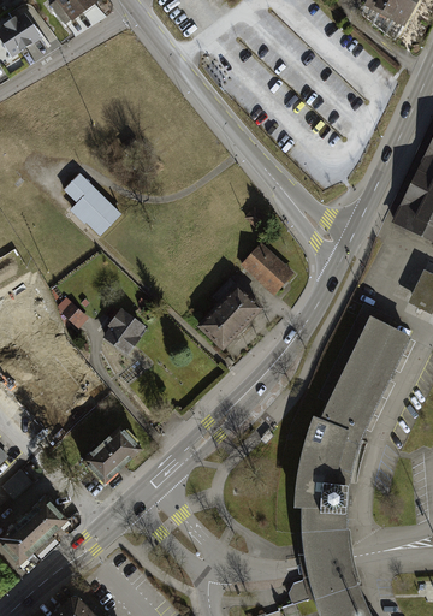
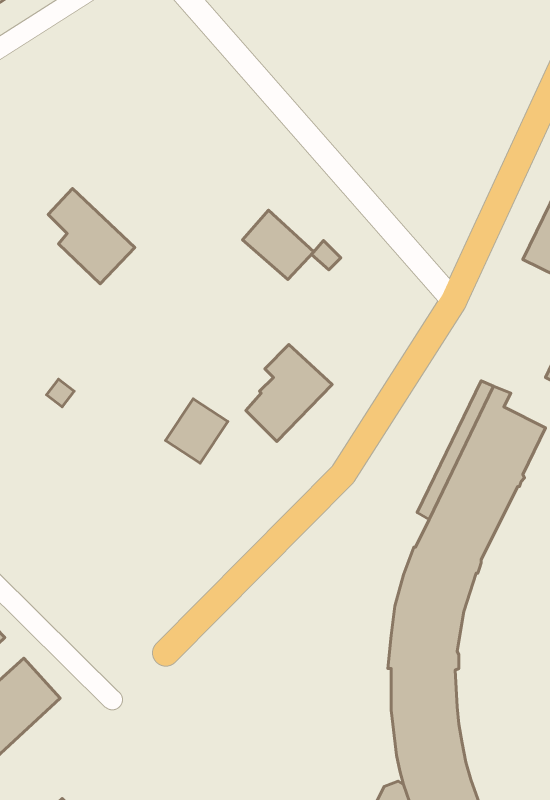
building: [243,244,292,292] -> [243,210,314,280]
building: [101,310,144,355] -> [166,399,228,463]
building: [83,428,140,485] -> none

